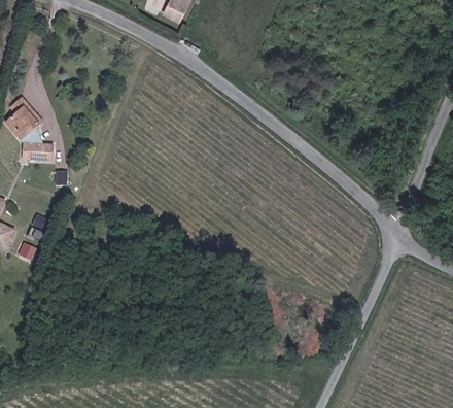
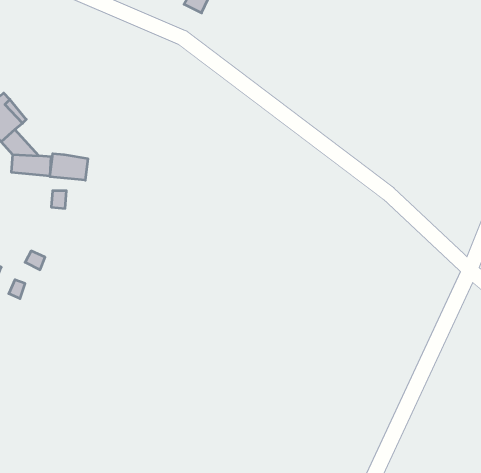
building: none -> [50,154,88,180]

